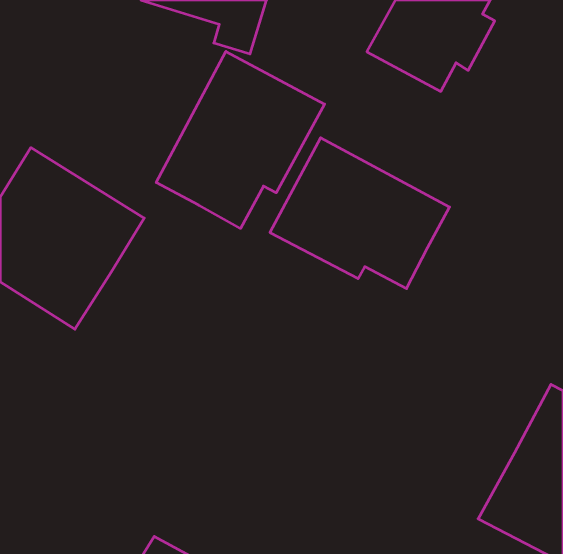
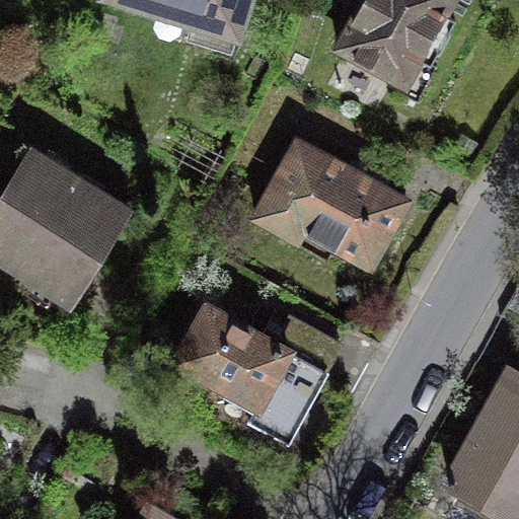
building: [156,51,325,228] -> none
building: none -> [164,296,326,449]

